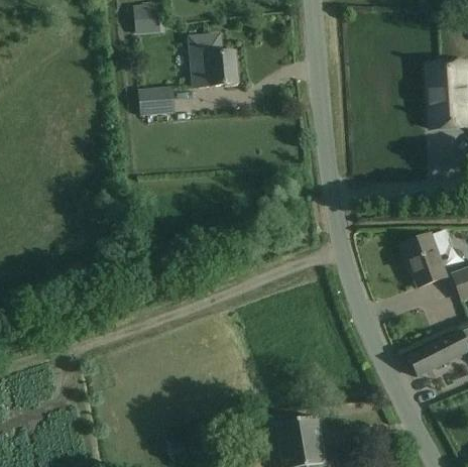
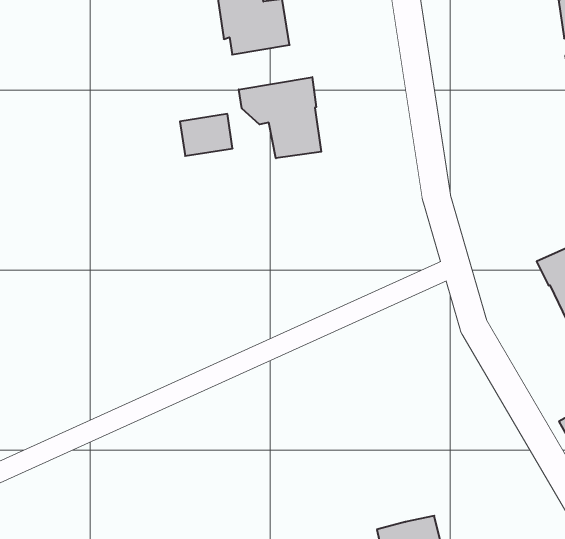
building: [139,87,174,114] -> [180,114,233,156]
building: none -> [239,77,321,158]

